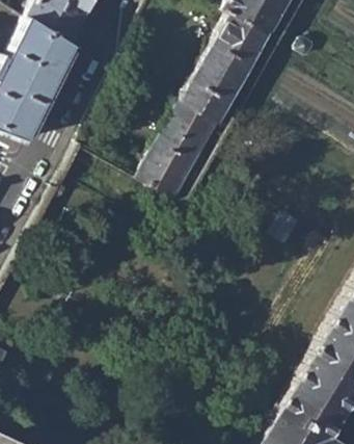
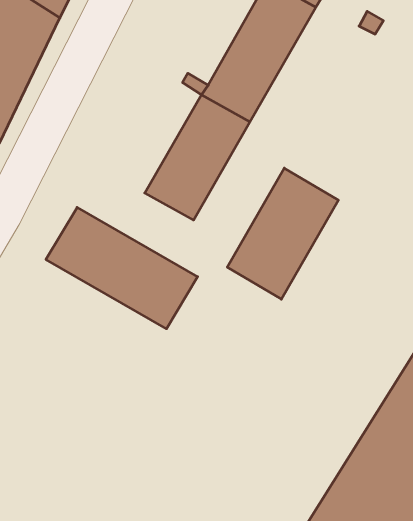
building: none -> [227,168,338,299]
building: none -> [46,207,198,329]

